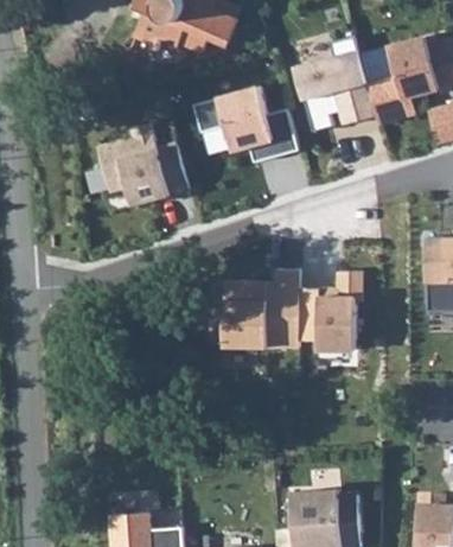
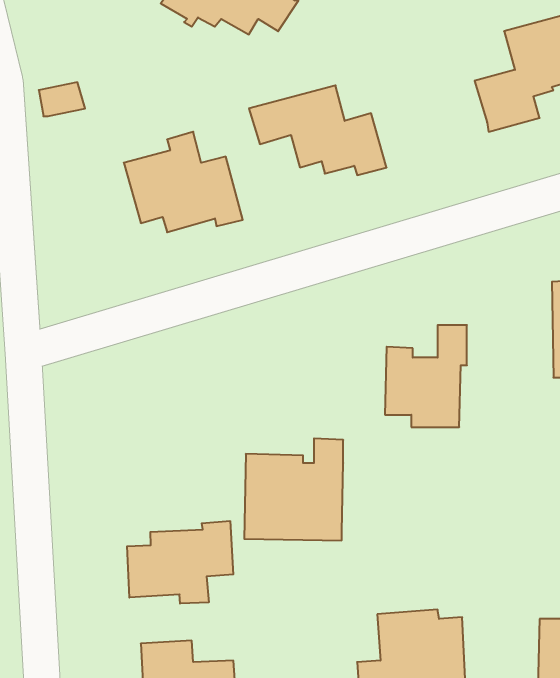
building: [294,37,376,132] -> none
building: [223,269,299,348] -> [244,438,343,540]
building: none -> [127,521,233,604]

